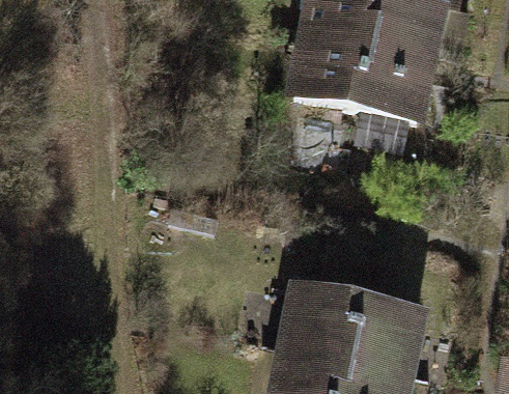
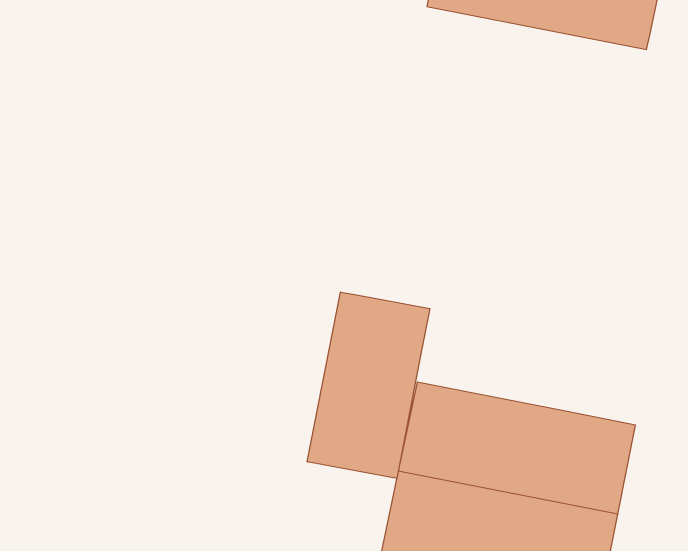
building: [283,33,437,120] -> none
building: none -> [307,292,430,478]

